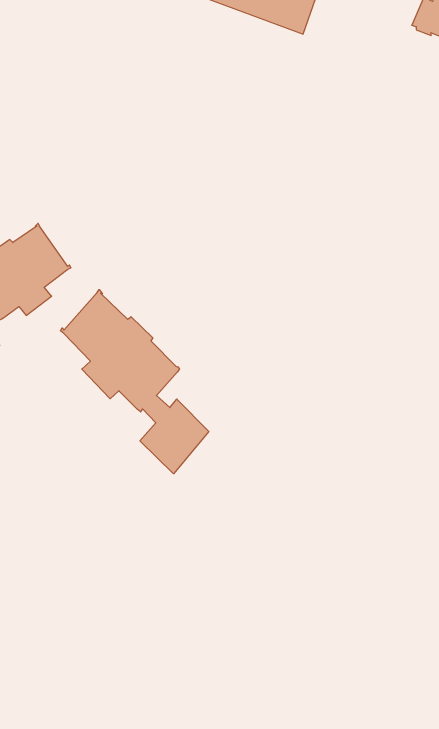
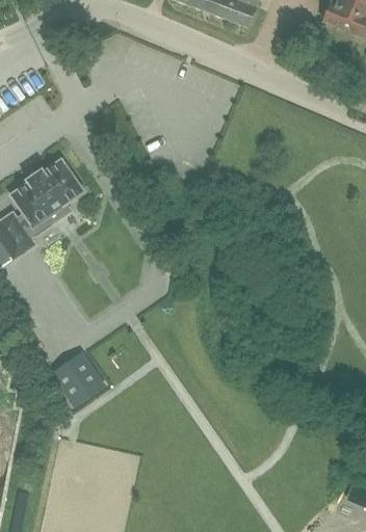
building: [60,290,209,474] -> none
building: none -> [48,351,101,404]

